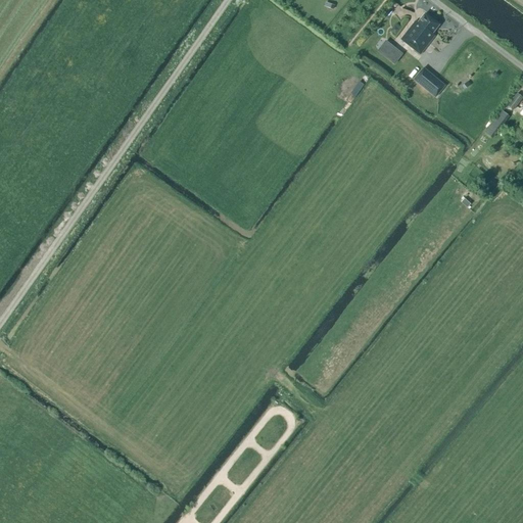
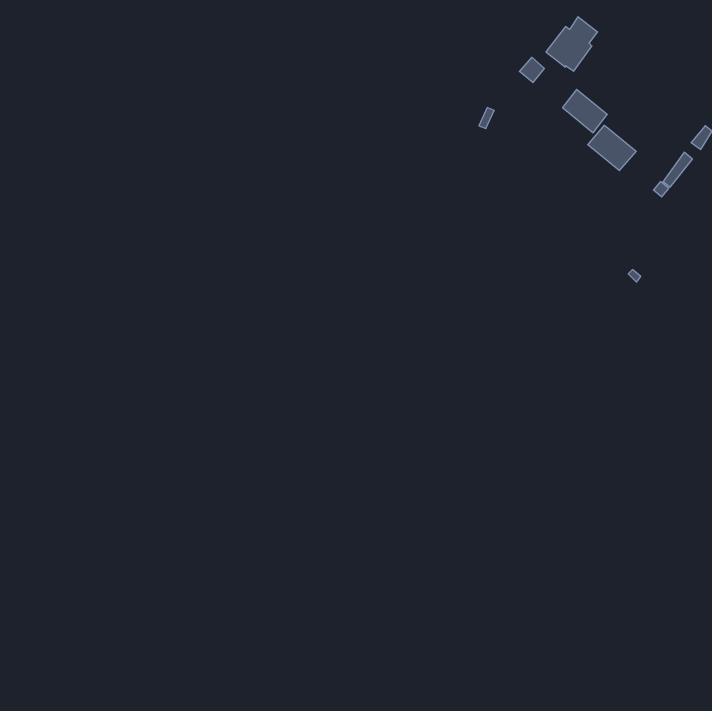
building: none -> [588,125,636,171]

